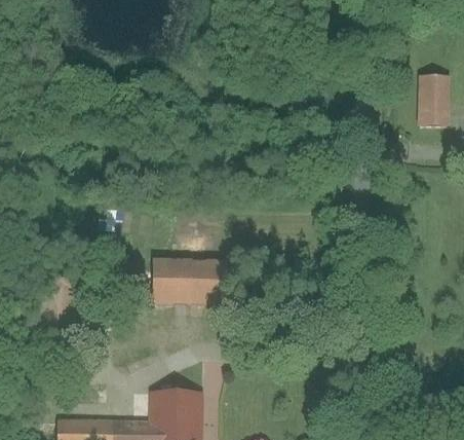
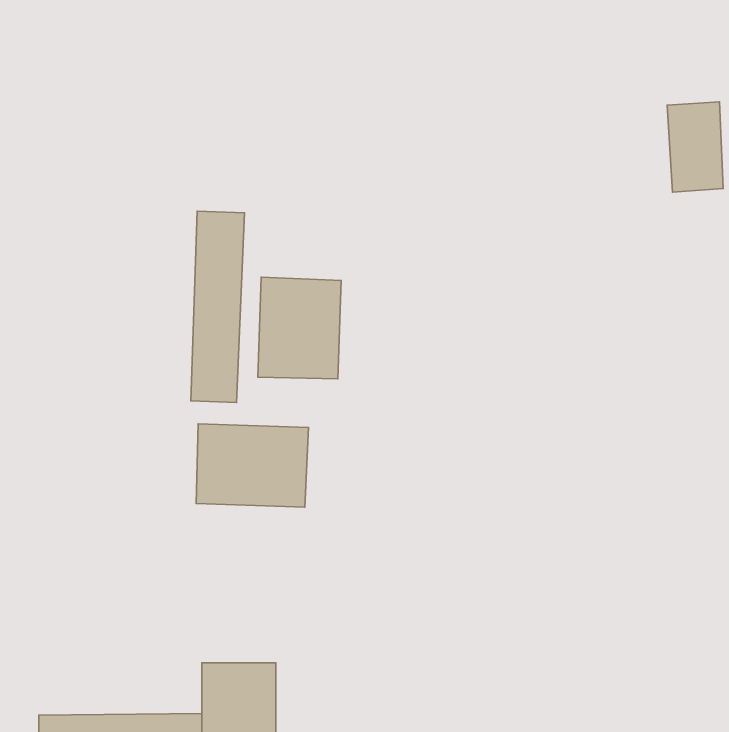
building: none -> [191,211,244,402]
building: none -> [258,277,341,379]

